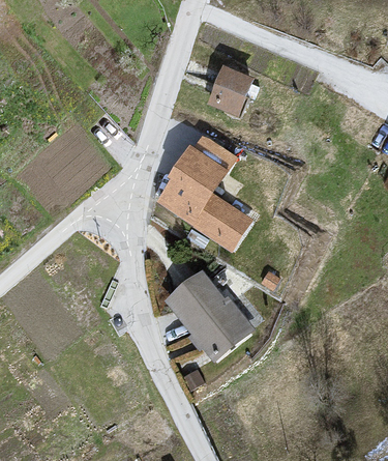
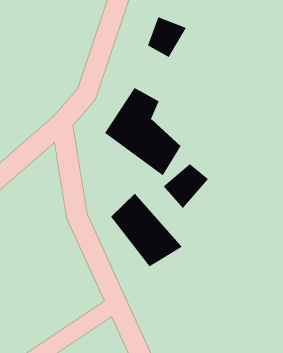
building: none -> [163,163,209,209]

